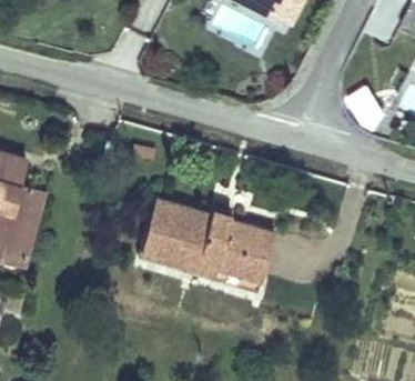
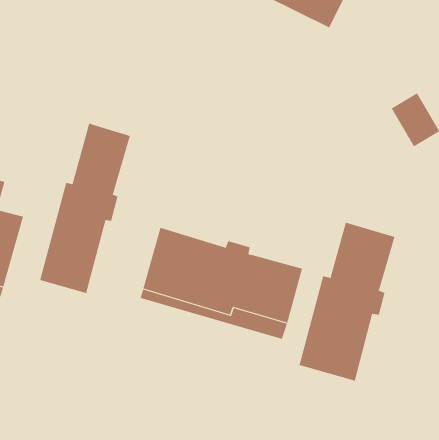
building: none -> [39,123,130,294]
building: none -> [299,222,395,381]

